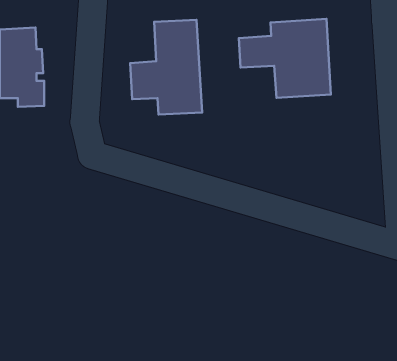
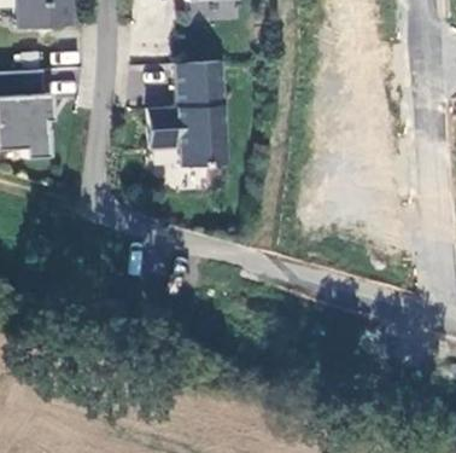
building: [239,19,331,98] -> none

